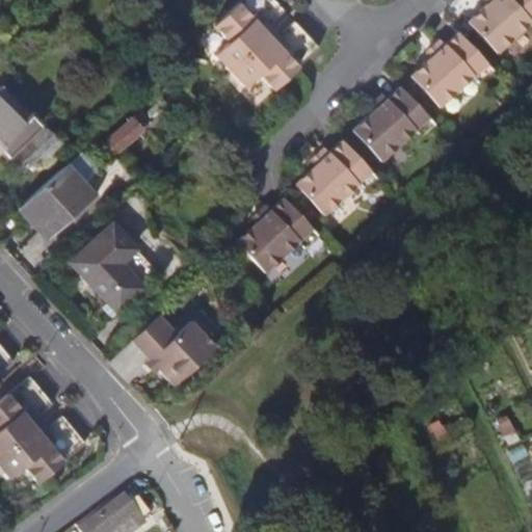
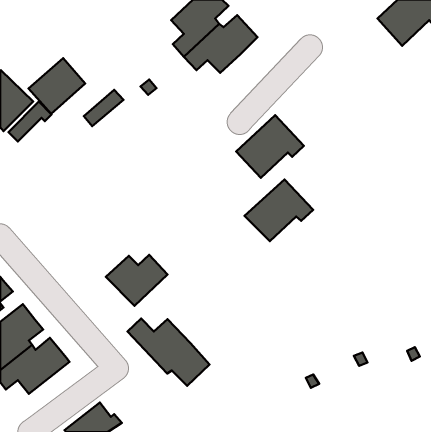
building: [408,33,489,108] -> none
building: [351,87,431,163] -> none
building: [24,165,94,234] -> [28,58,85,114]
building: [234,201,318,276] -> [245,179,313,241]
building: [71,223,158,311] -> none
building: none -> [127,318,209,386]

